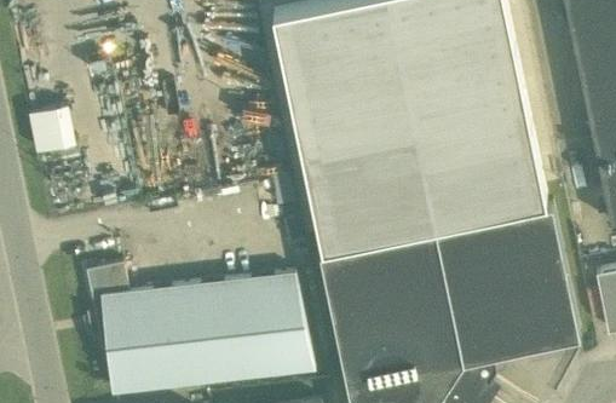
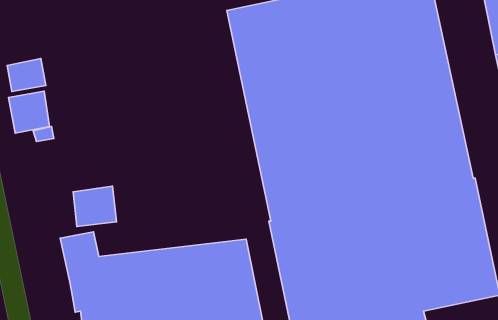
building: none -> [7,58,46,92]
building: none -> [73,186,116,226]

